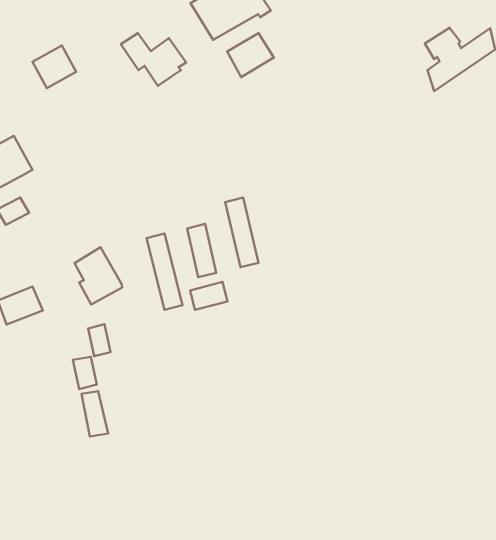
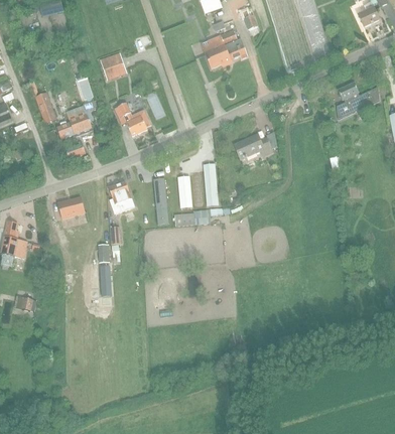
building: [227,33,274,77] -> none
building: [121,33,186,86] -> [114,103,151,136]
building: none -> [235,134,273,159]

